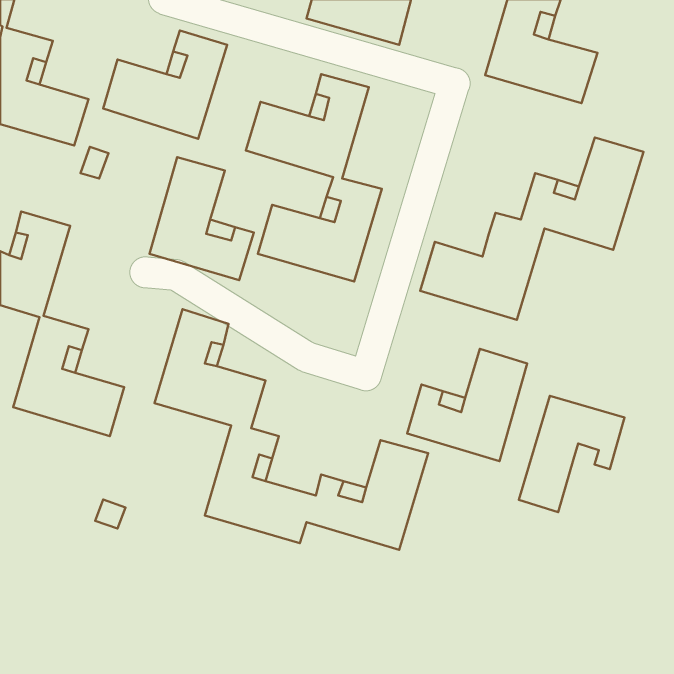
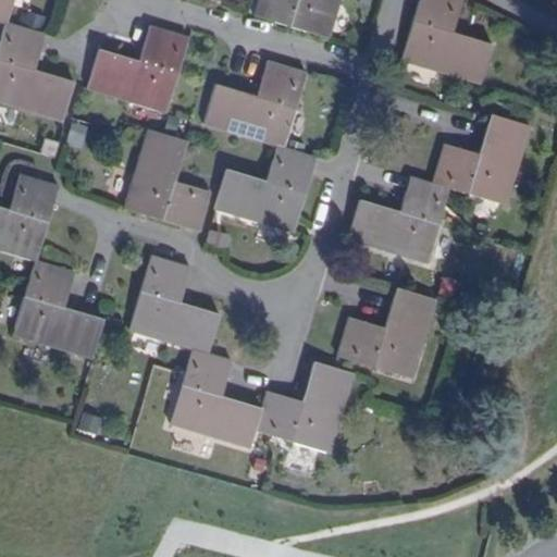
building: [519,396,625,512] -> none

